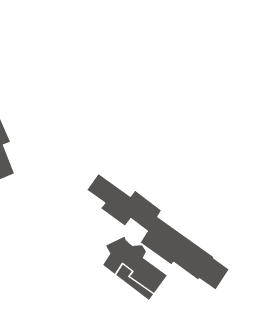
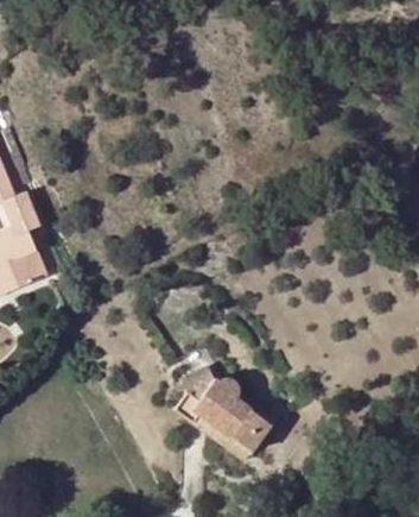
building: [86,173,229,291] -> none

